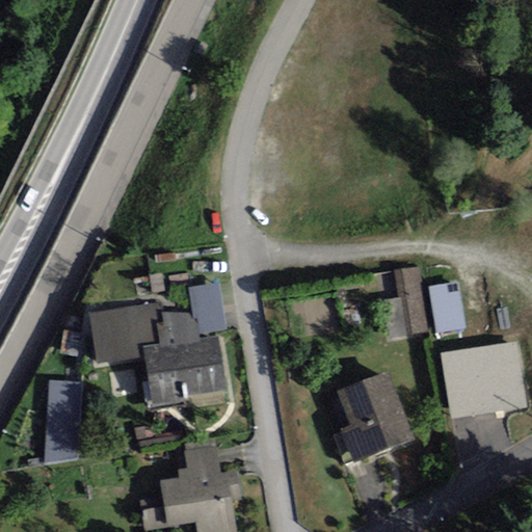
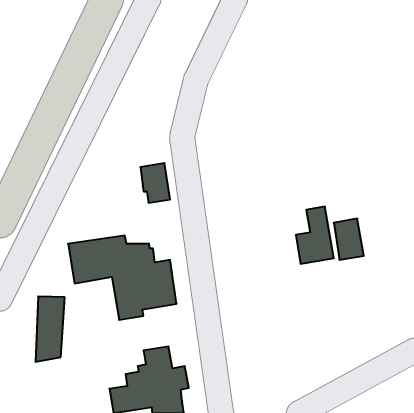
building: [188,283,227,334] -> [140,163,170,203]
building: [440,341,526,420] -> none
building: [337,371,416,464] -> none

